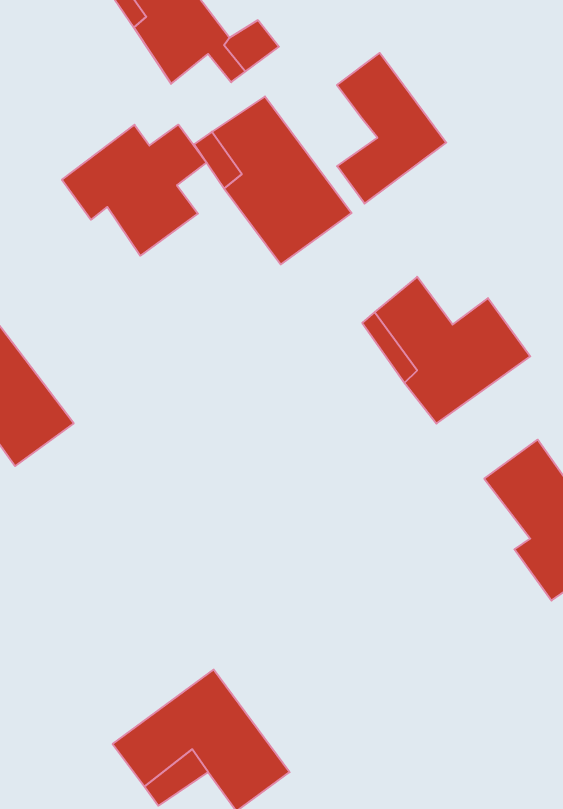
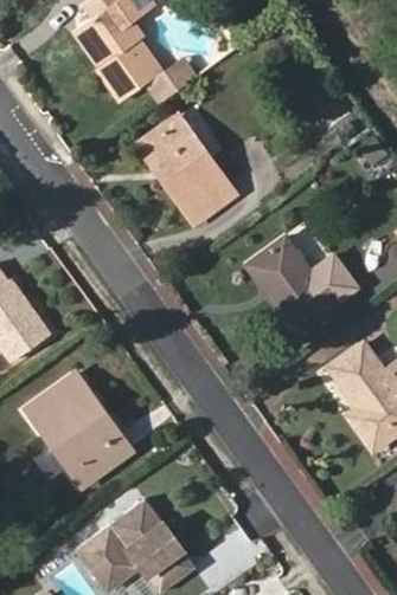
building: [337,53,446,204] -> none
building: [62,125,207,256] -> none
building: none -> [27,370,134,485]

